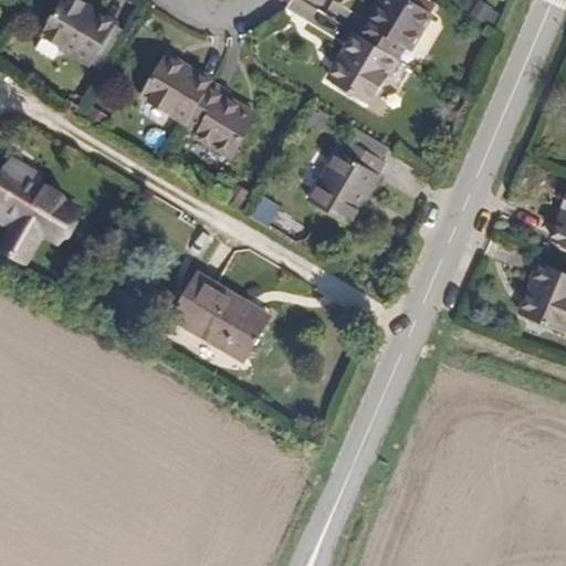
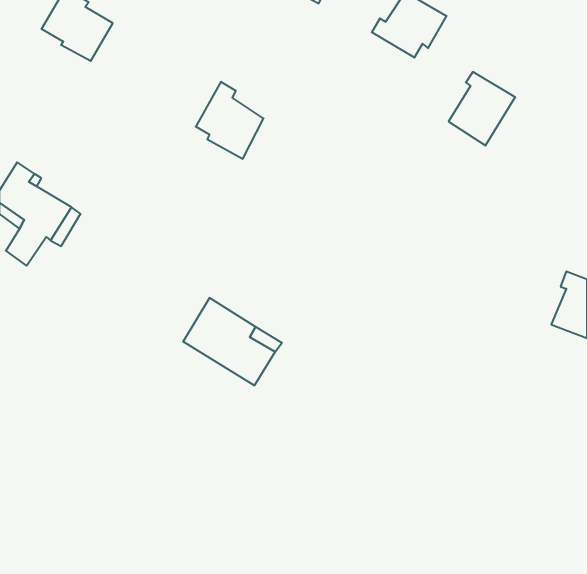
building: [334,31,398,102] -> [449,72,515,146]
building: [143,55,212,122] -> none
building: [315,139,381,214] -> none

